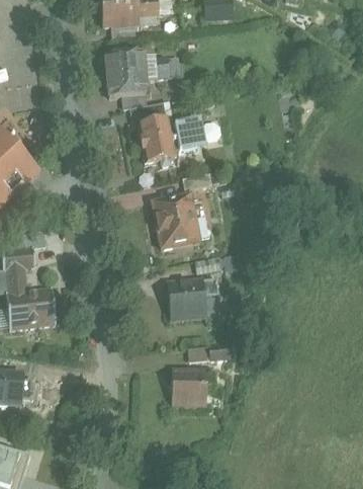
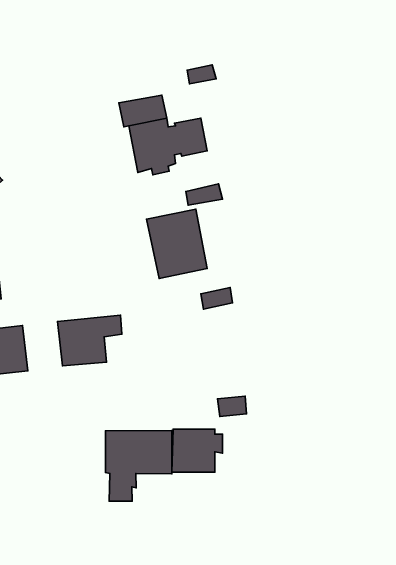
building: [105,52,170,97] -> none
building: [167,279,218,320] -> [57,315,122,366]
building: none -> [105,431,172,501]

